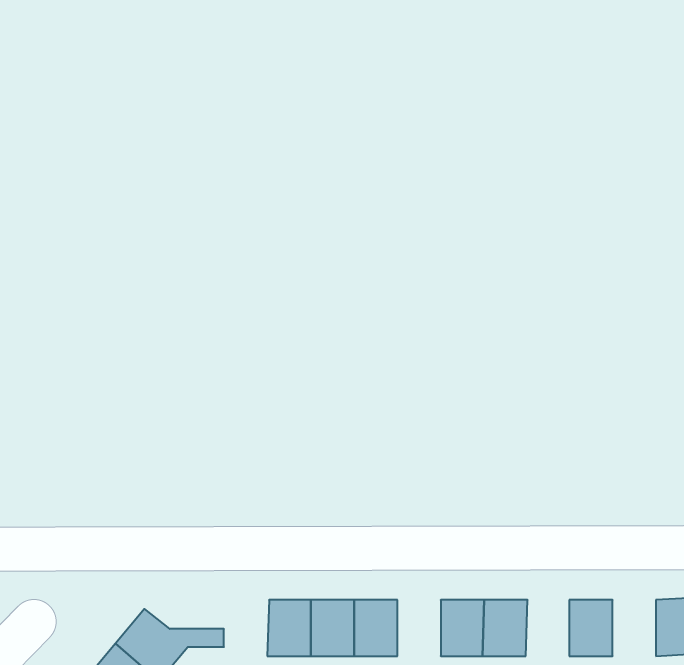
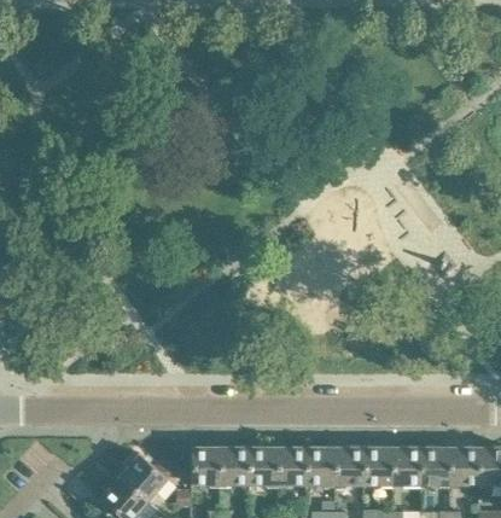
building: none -> [190,448,220,485]
building: none -> [305,448,334,485]
building: none -> [391,448,420,485]
building: none -> [449,448,478,485]

